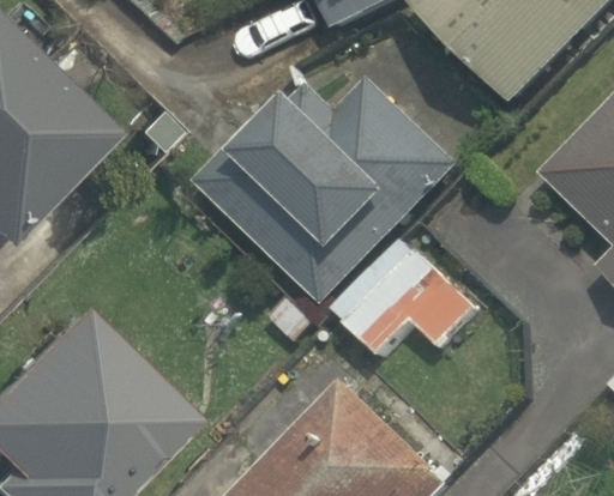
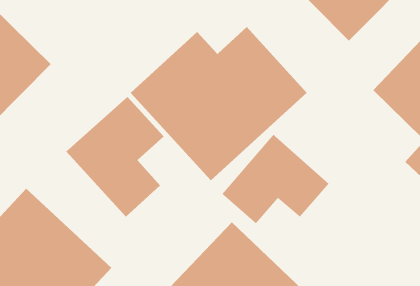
building: none -> [65,96,164,217]

